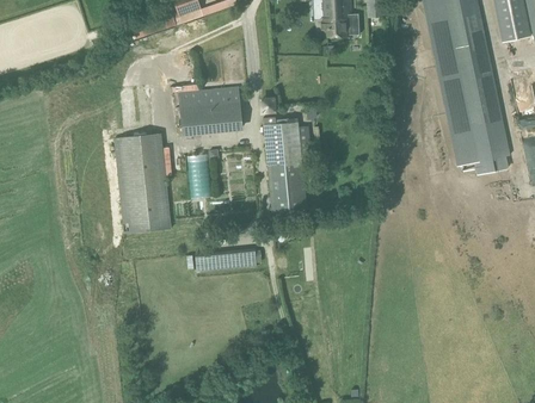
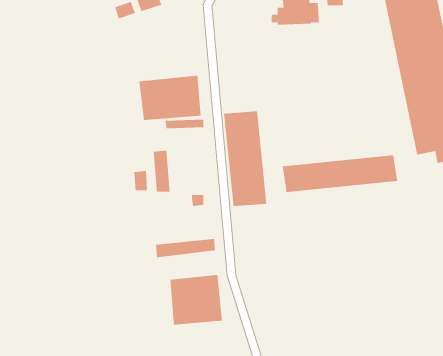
building: [113,131,172,231] -> none
building: none -> [282,154,398,193]
building: none -> [170,274,223,325]

